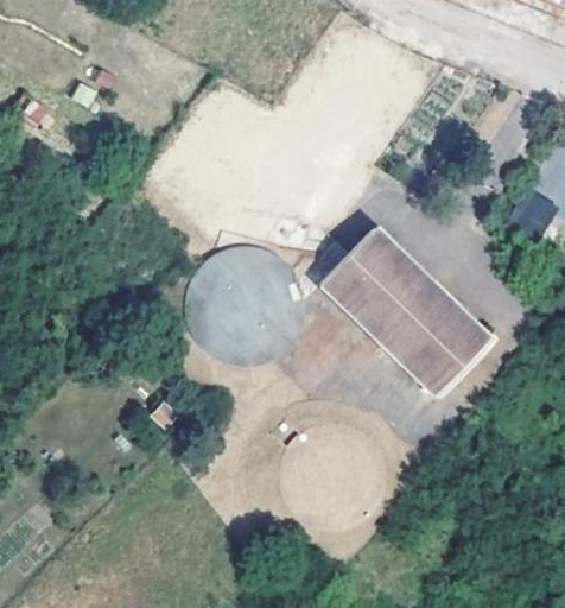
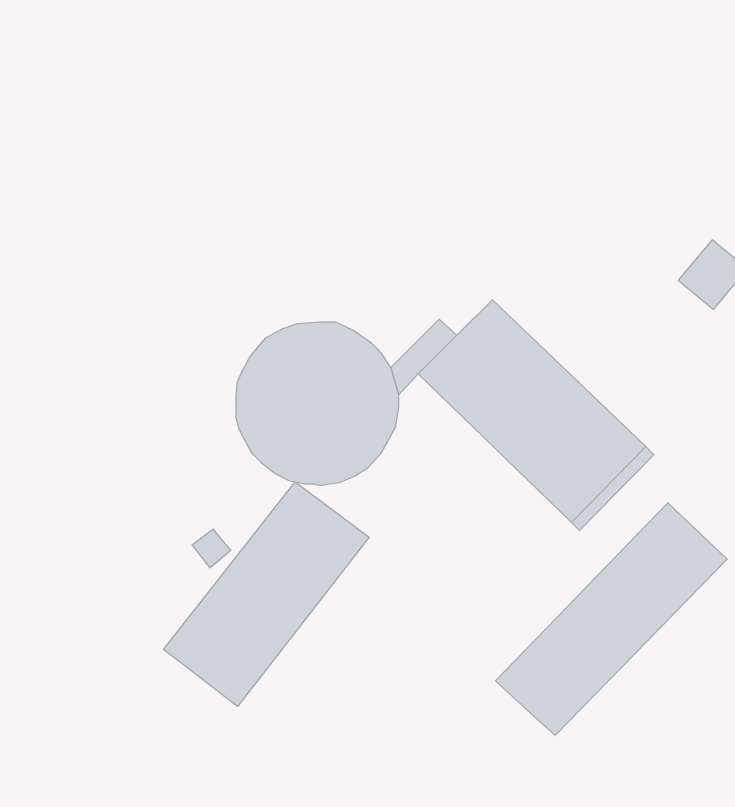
building: none -> [163,482,369,706]
building: none -> [496,503,727,736]

